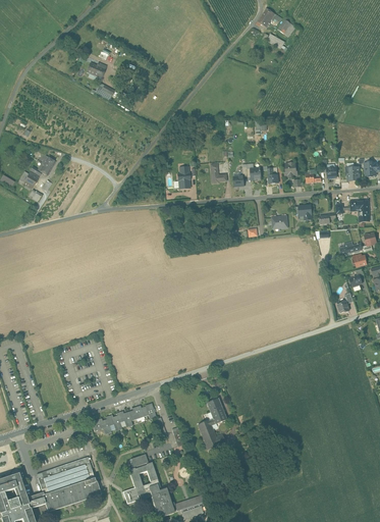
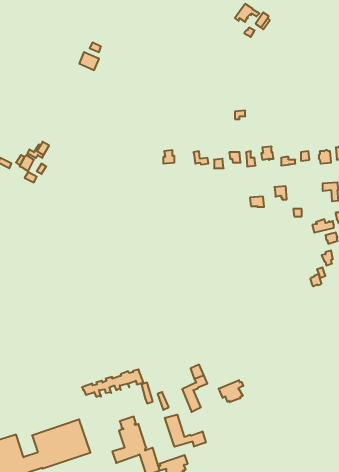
building: none -> [219,380,243,402]
building: none -> [165,415,206,447]

